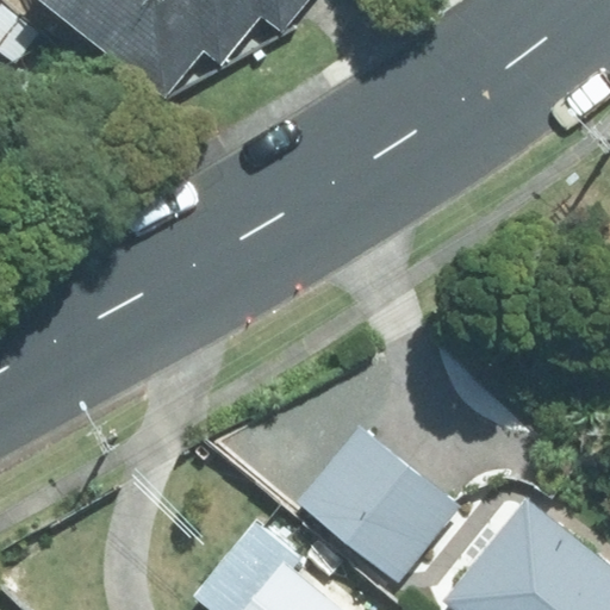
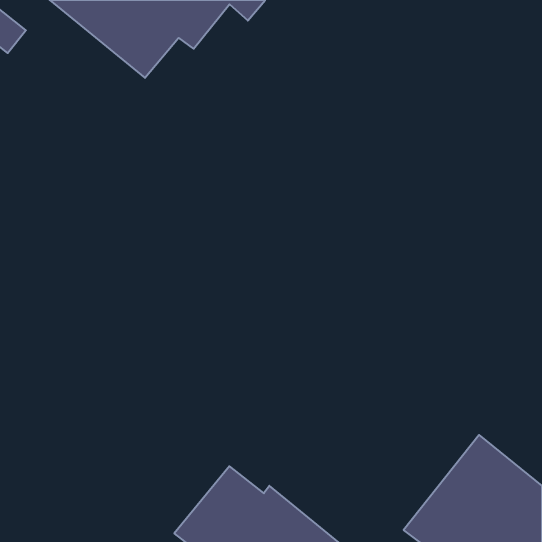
building: [299,424,459,580] -> none

